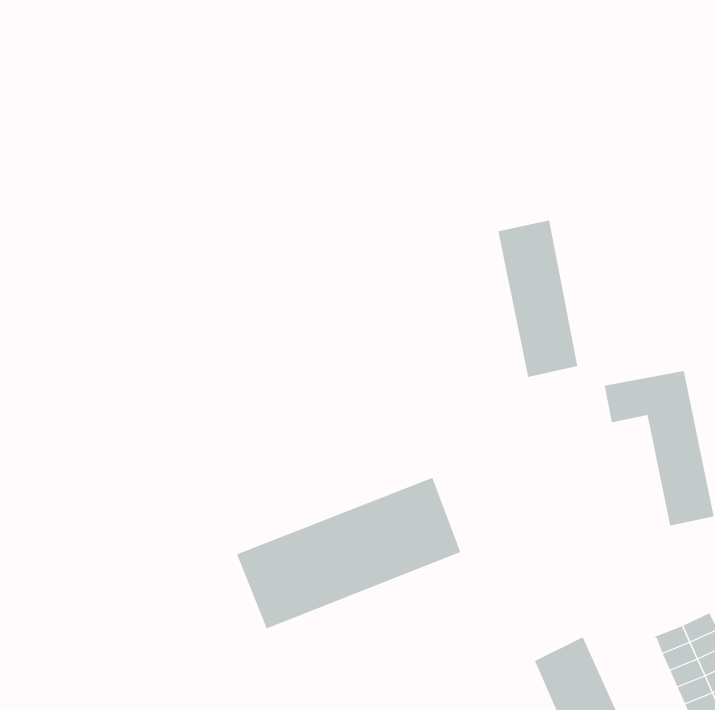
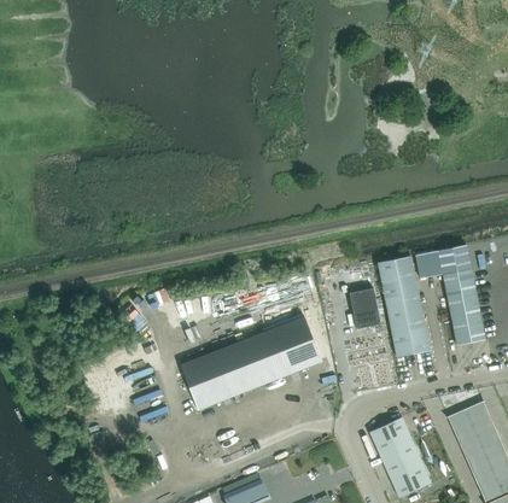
building: [497,220,578,377] -> [379,258,431,359]
building: none -> [350,287,381,328]

